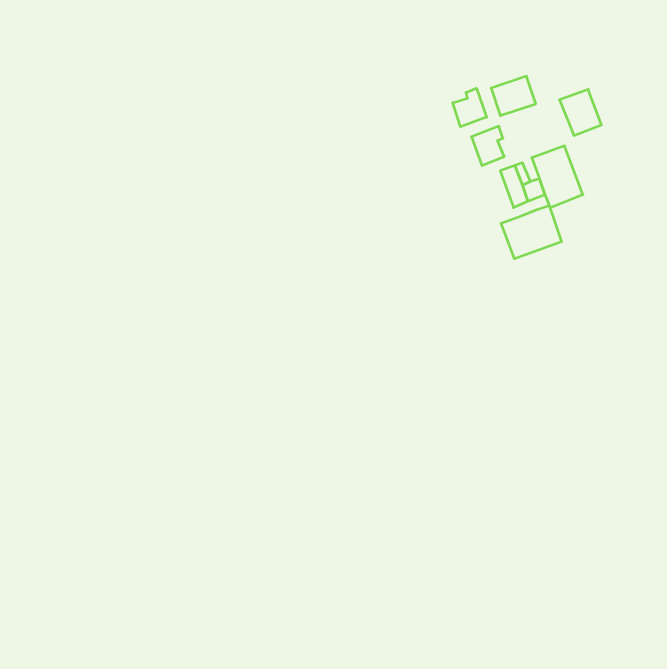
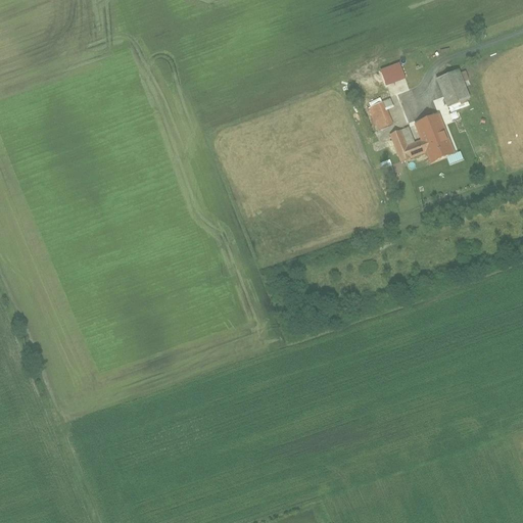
building: [453,88,487,127] -> none
building: [501,205,562,259] -> none

